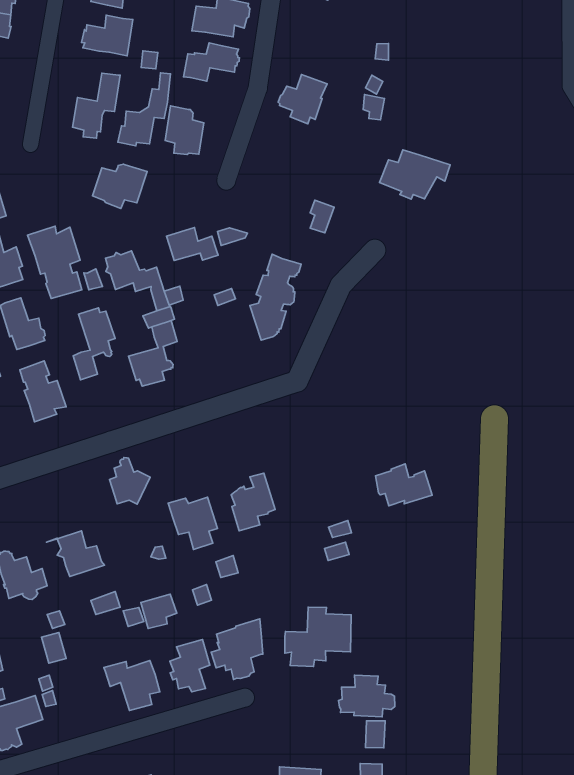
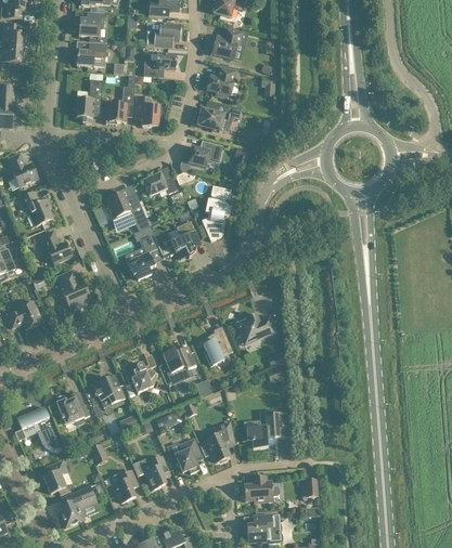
building: none -> [210,27,243,58]
building: [379,150,450,199] -> [196,102,241,133]
building: [92,164,147,208] -> none
building: none -> [188,141,221,167]
building: [27,226,82,299] -> none
building: none -> [169,220,197,259]
building: [73,308,115,380] -> none
building: [110,458,150,504] -> [130,363,156,393]
building: [375,464,432,506] -> [236,313,274,341]
building: [339,675,395,717] -> [242,475,279,503]
building: none -> [111,470,138,503]

